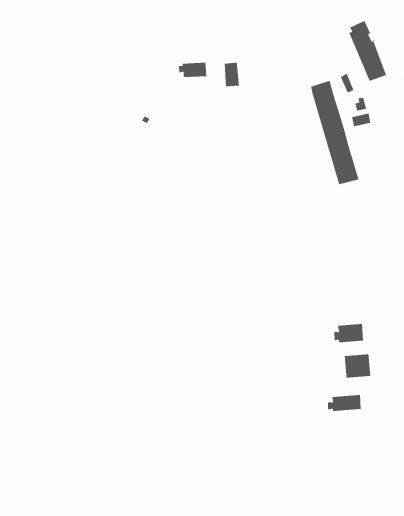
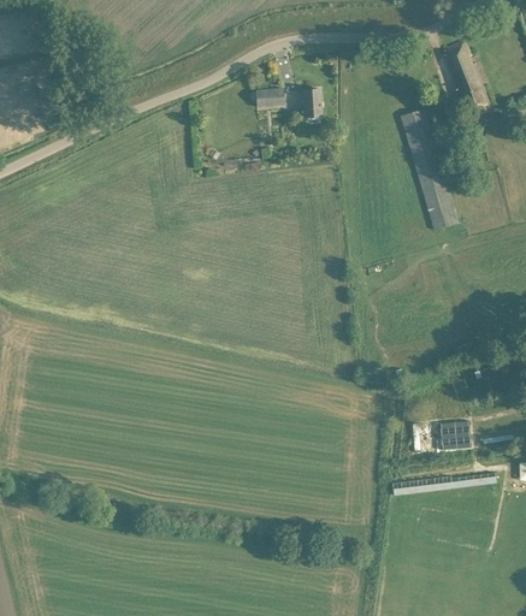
building: [334,323,364,343] -> none
building: [327,394,362,412] -> none

